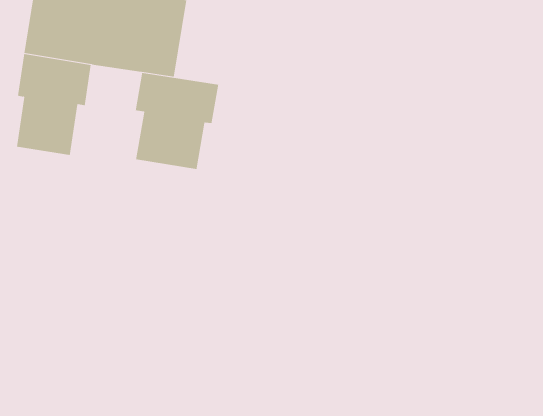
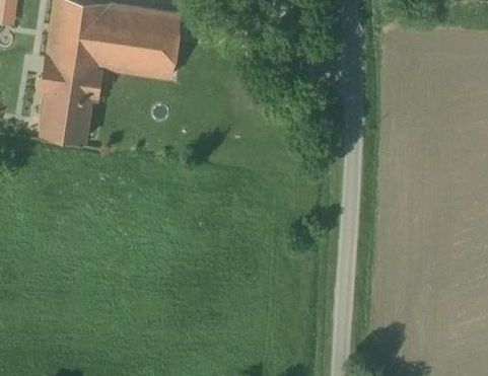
building: [135,72,219,170] -> none

